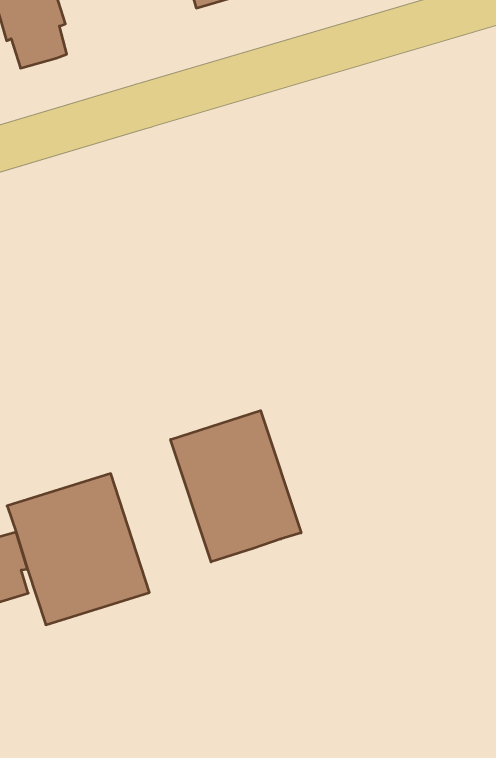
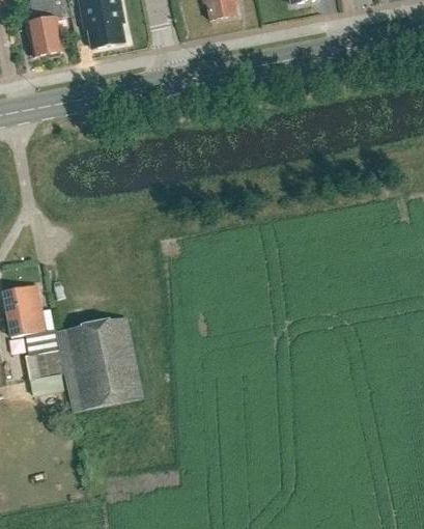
building: [171,411,301,562] -> none

